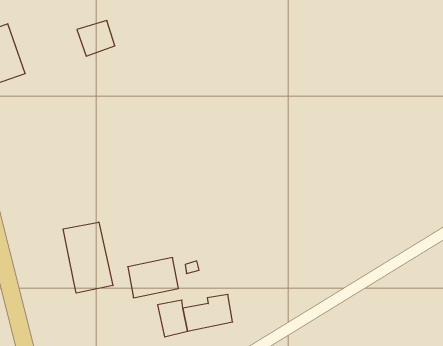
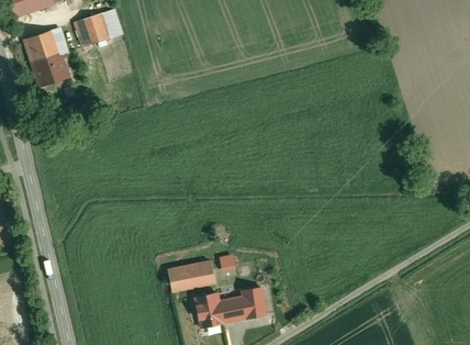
building: [77,20,115,56] -> [75,13,111,47]
building: [63,222,113,293] -> none

